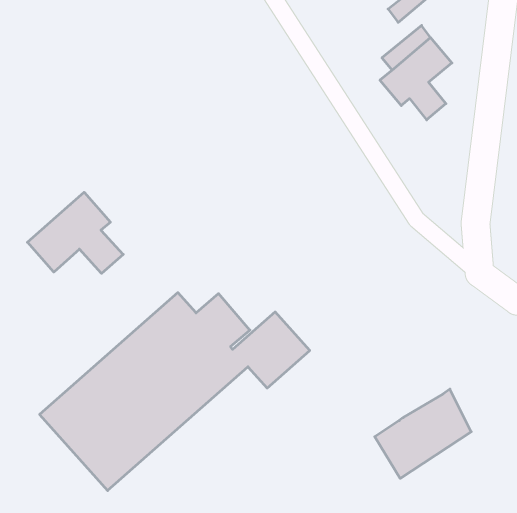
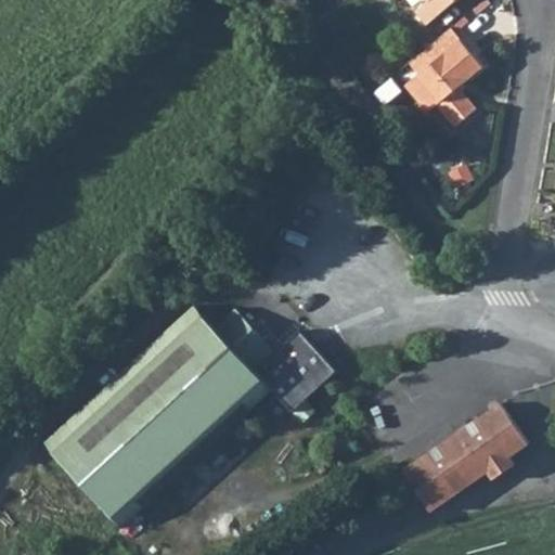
building: [27,192,123,273] -> none
building: none -> [480,404,526,461]

